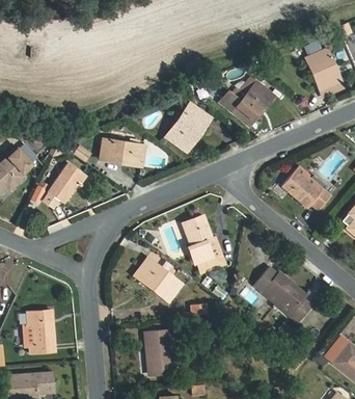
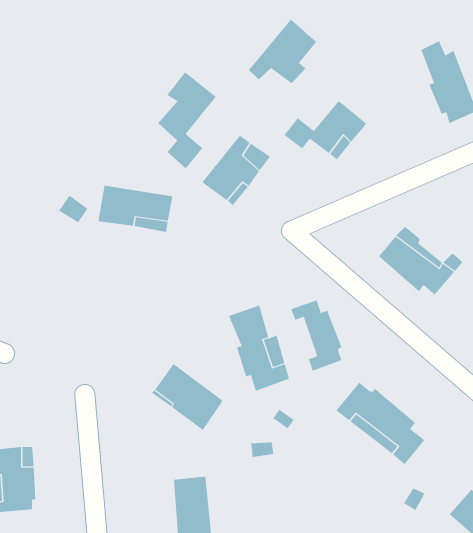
building: none -> [248,19,317,84]
building: none -> [157,71,216,169]
building: [39,163,86,208] -> none
building: none -> [290,299,342,372]

